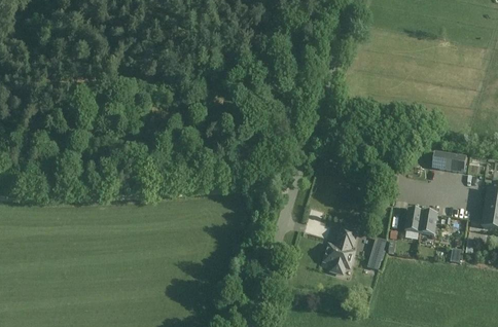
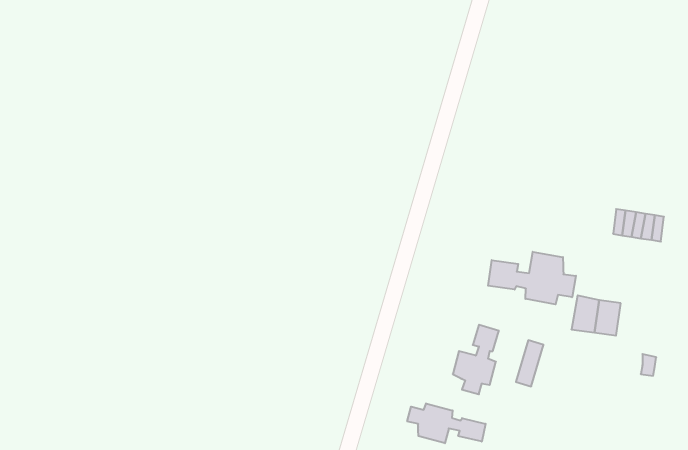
building: none -> [488,252,576,304]
building: none -> [407,403,486,443]

